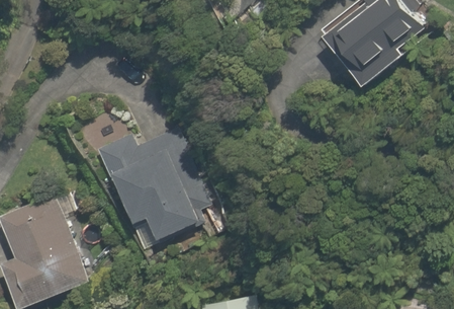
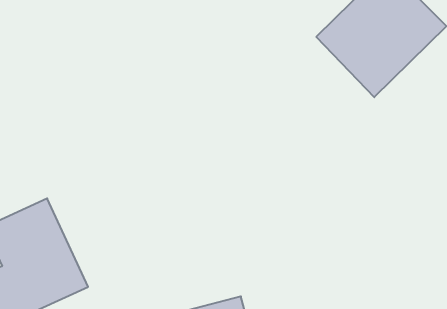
building: [92,124,210,237] -> none

